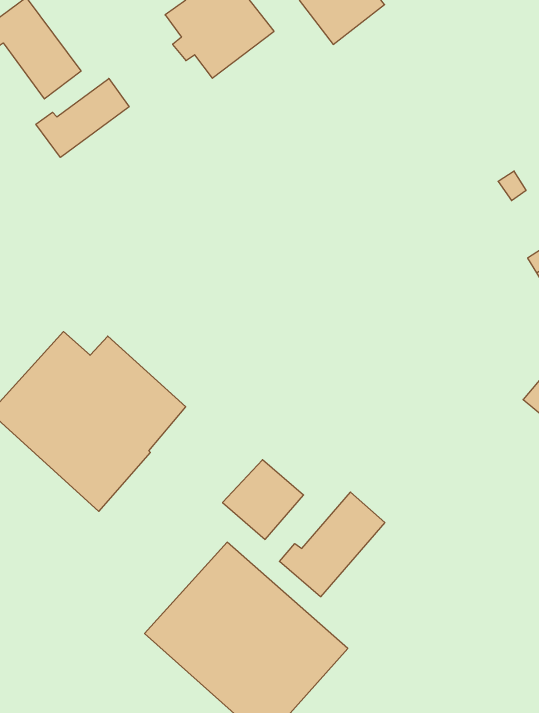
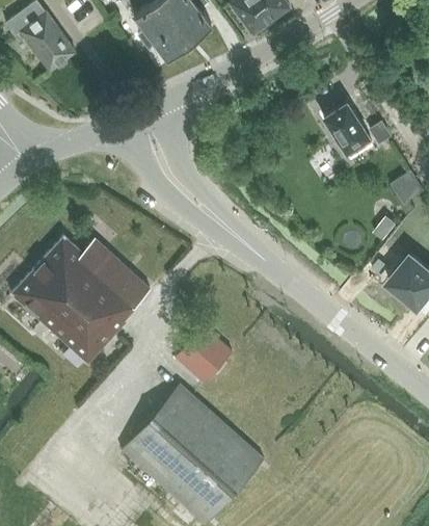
building: [36,78,129,157] -> none
building: none -> [323,103,373,158]
building: [279,492,385,597] -> none

